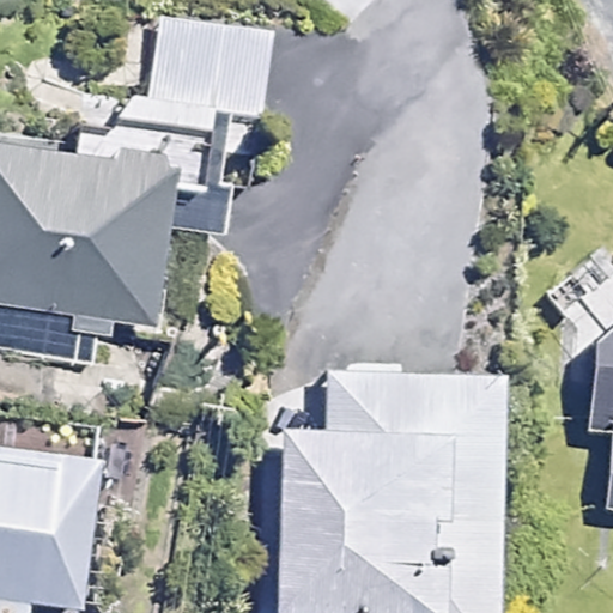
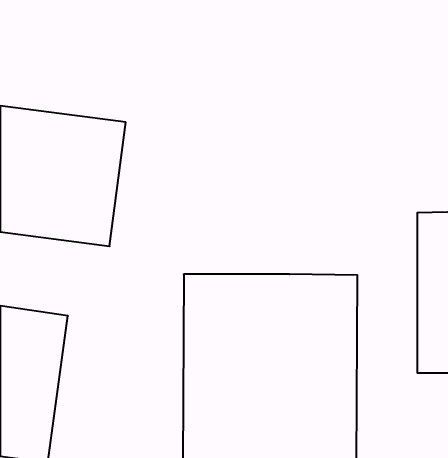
building: [165,26,286,120] -> none

